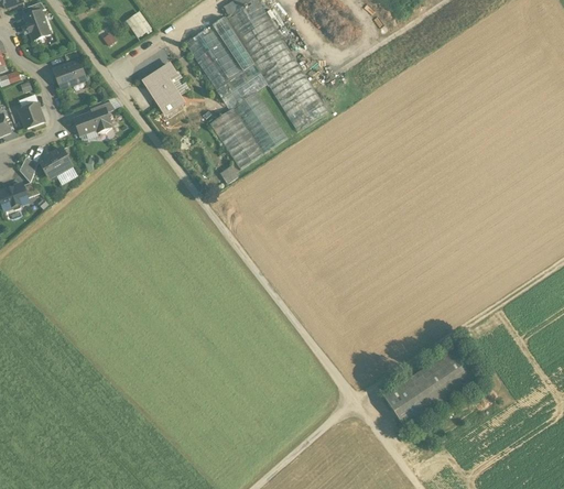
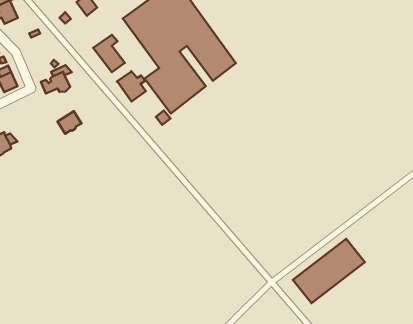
building: [51,57,88,91] -> none
building: none -> [117,71,146,101]
building: [40,149,70,177] -> [58,111,82,134]

